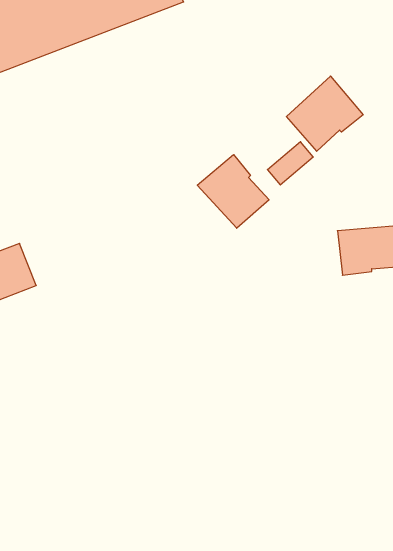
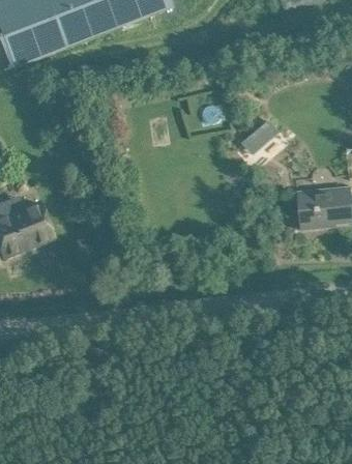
building: [286,76,363,151] -> none
building: [197,155,269,228] -> none

